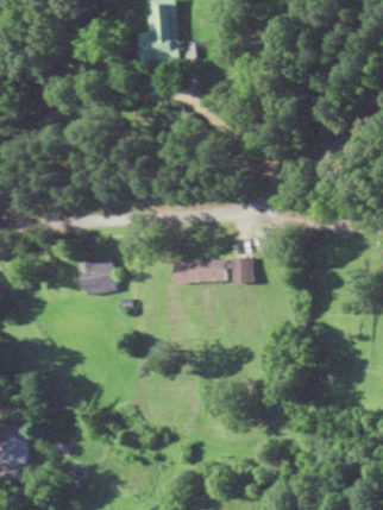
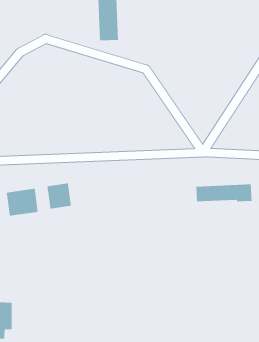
building: [171,257,251,283] -> [195,184,252,202]
building: none -> [6,188,39,217]

